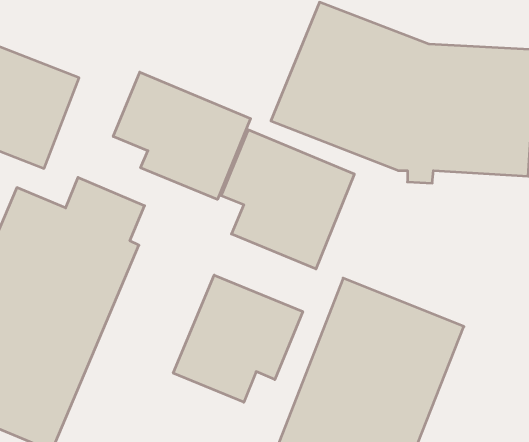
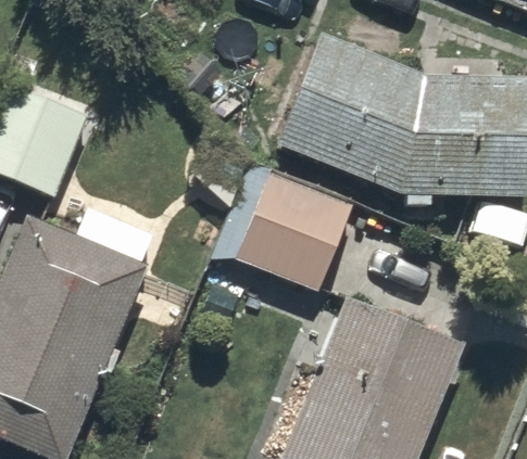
building: [113,72,251,199] -> none
building: [173,275,303,402] -> none

